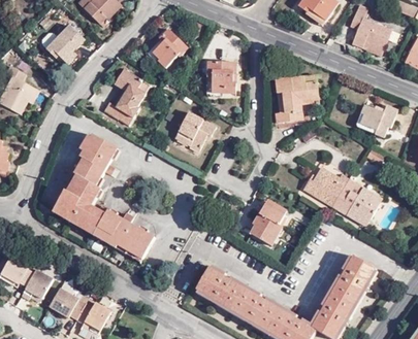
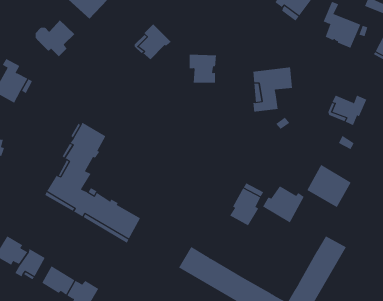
building: [103,68,150,126] -> none
building: [174,111,216,150] -> none
building: [302,167,348,207] -> [262,185,305,223]

